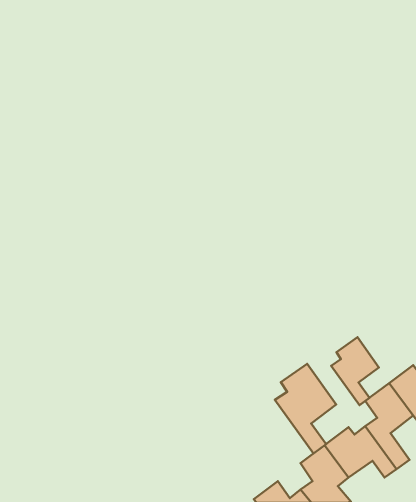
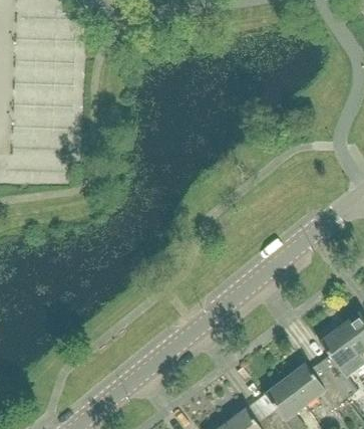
building: [331,337,379,405] -> none
building: [275,364,336,454] -> none

